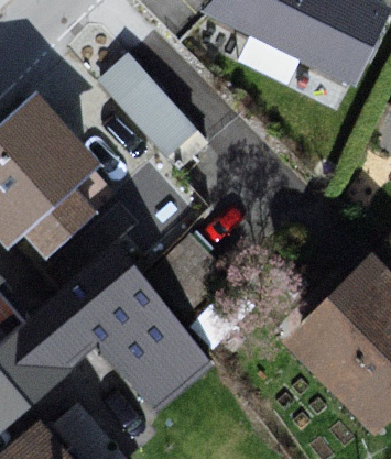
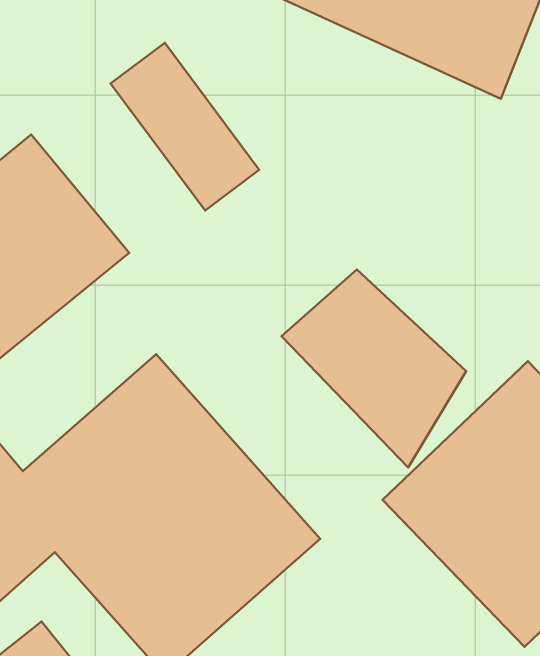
building: none -> [282,270,466,467]

